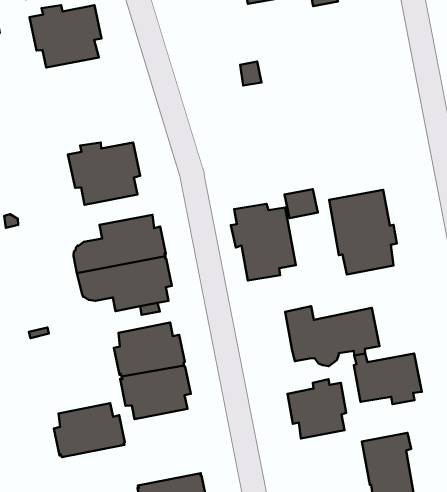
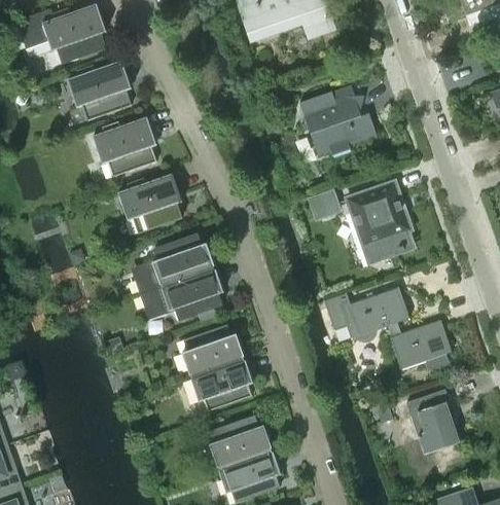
building: none -> [299,85,376,156]
building: none -> [93,117,156,177]
building: [231,204,296,280] -> none
building: [287,379,346,439] -> none
building: [54,403,125,457] -> [209,416,272,468]

